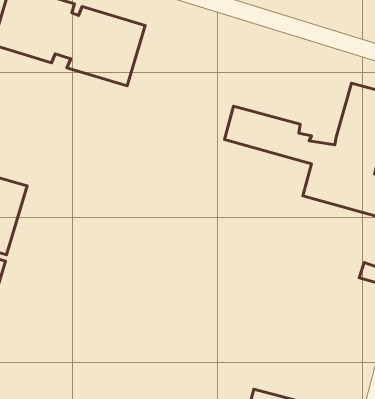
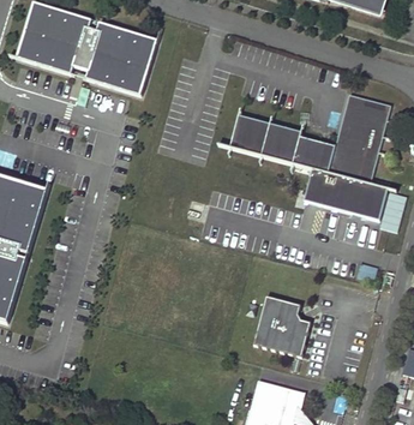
building: none -> [254,295,312,357]

